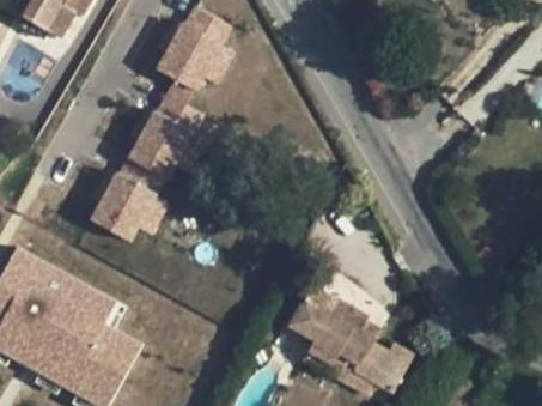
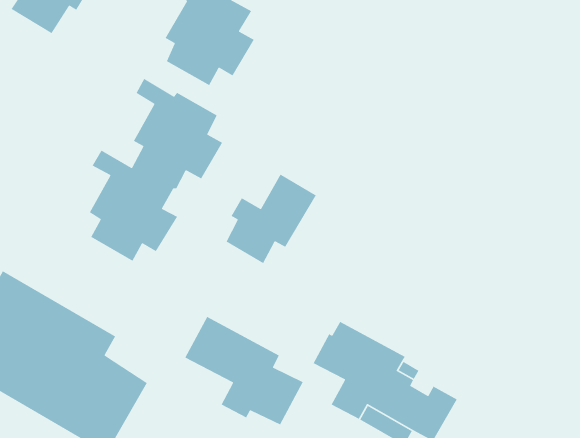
building: none -> [225,173,317,264]
building: none -> [184,316,304,426]

